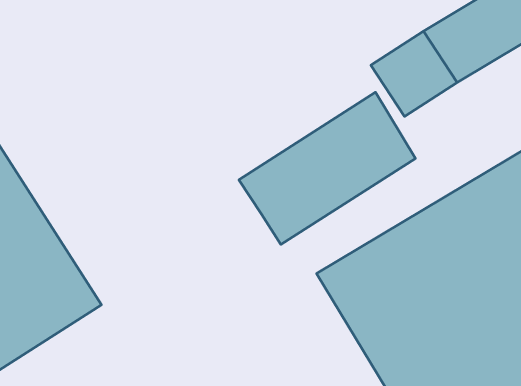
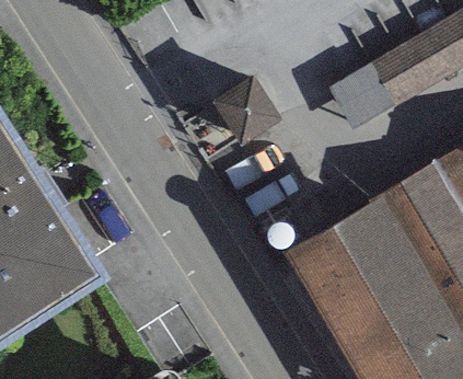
building: [239,92,416,244] -> none

